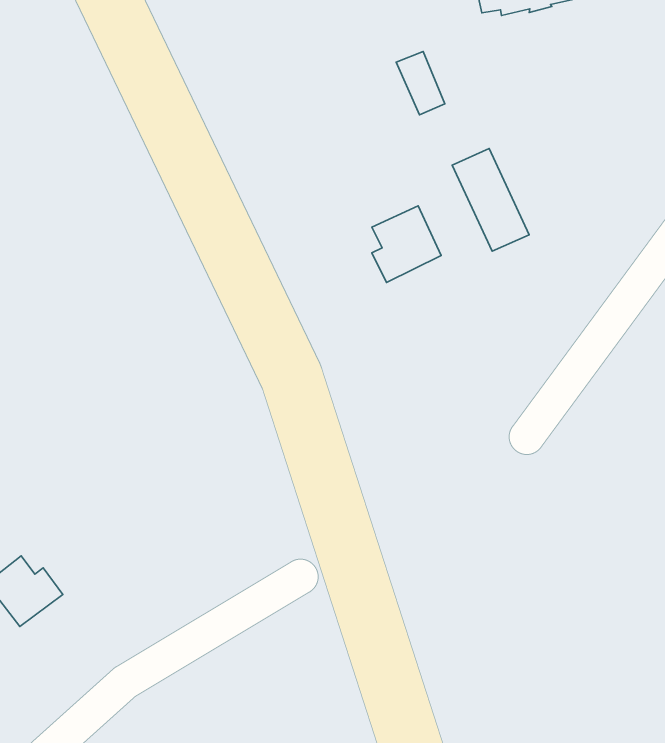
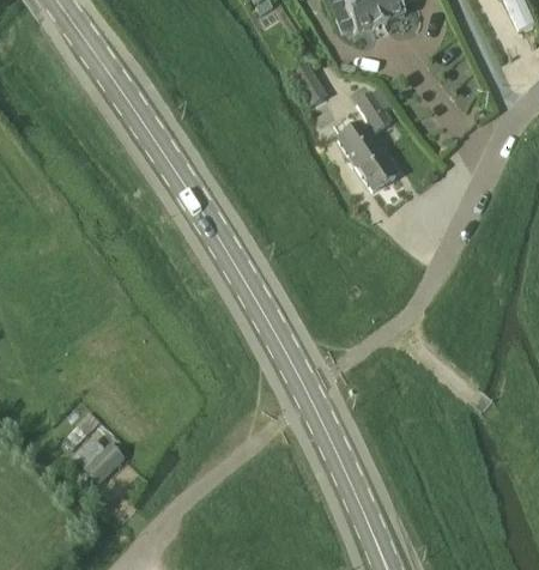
building: none -> [352,85,389,126]
building: [372,206,441,283] -> none

